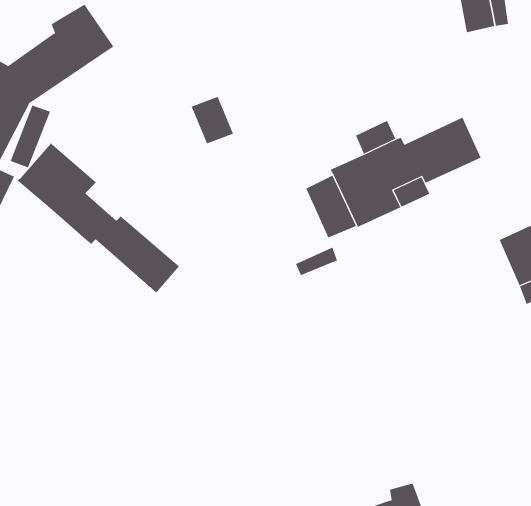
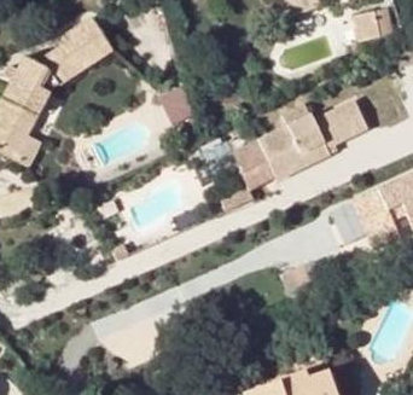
building: [16,142,180,293] -> none

